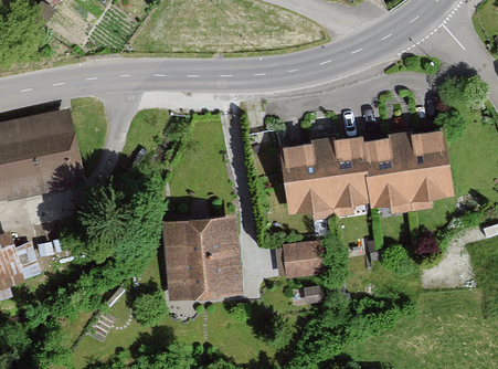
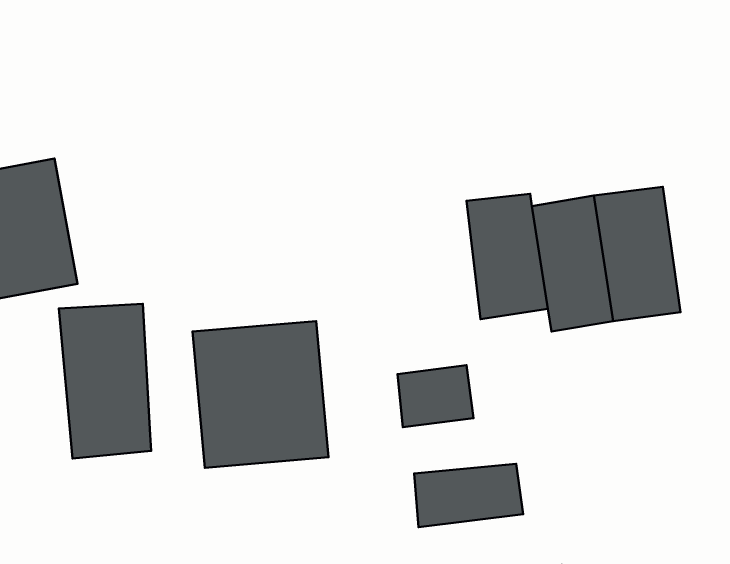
building: [279,136,333,215] -> none
building: none -> [59,304,151,459]
building: none -> [414,464,523,527]

